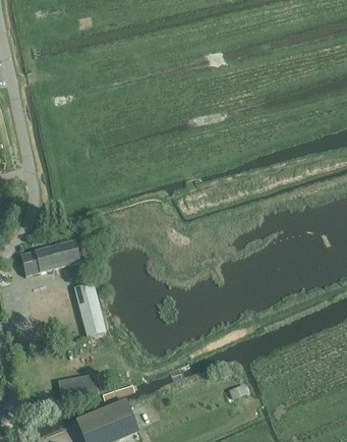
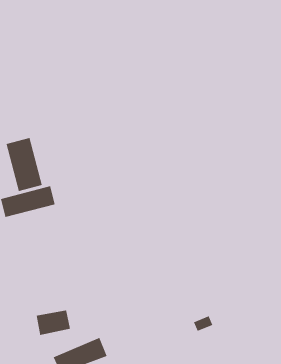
building: none -> [6,137,42,192]
building: [73,282,105,335] -> none

